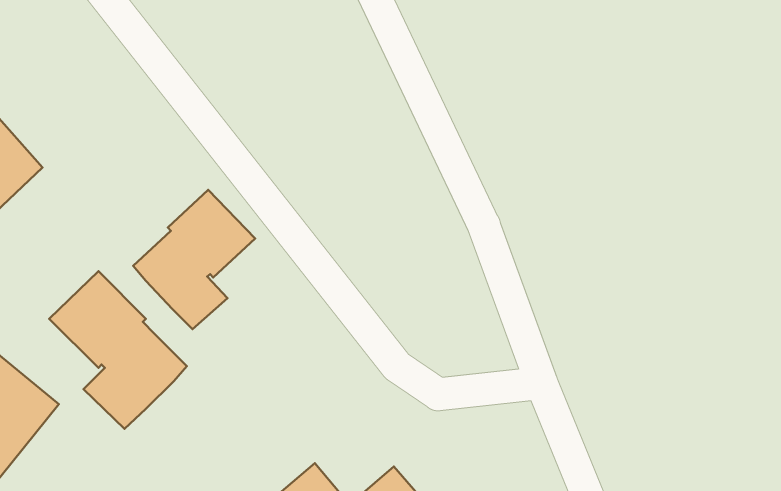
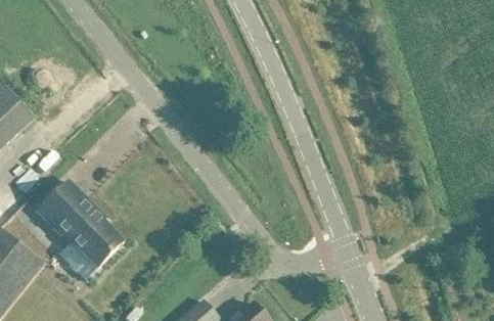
building: [133,190,255,329] -> none

